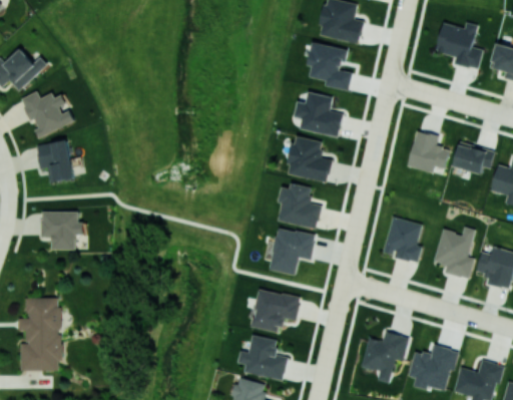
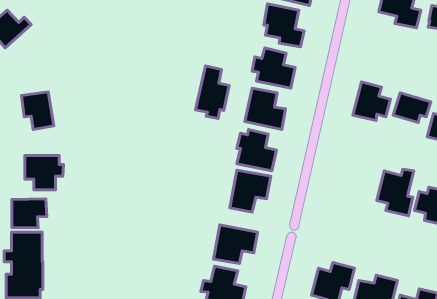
building: [21,91,75,137] -> none
building: none -> [196,66,229,118]
building: [383,217,422,263] -> none
building: none -> [12,199,47,228]

